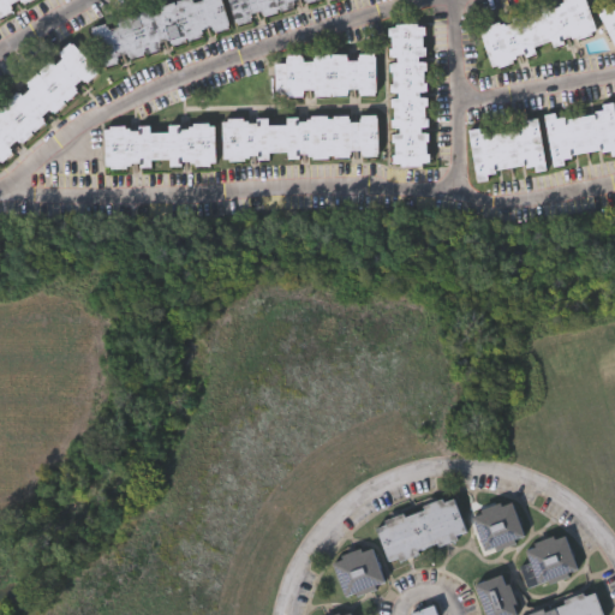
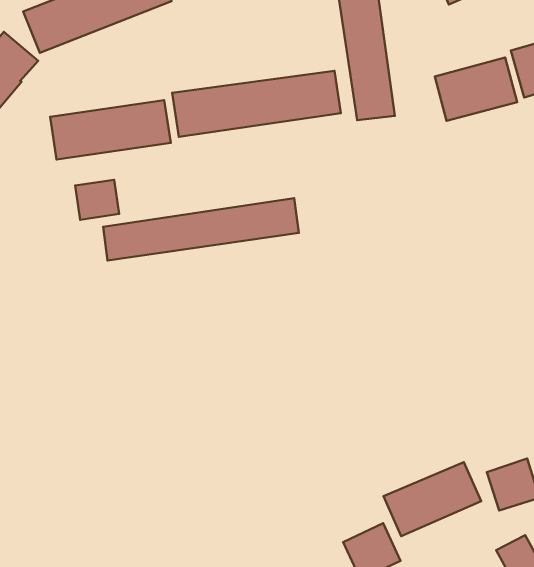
building: [276,54,377,97] -> none
building: none -> [75,180,119,220]
building: none -> [103,198,299,261]

